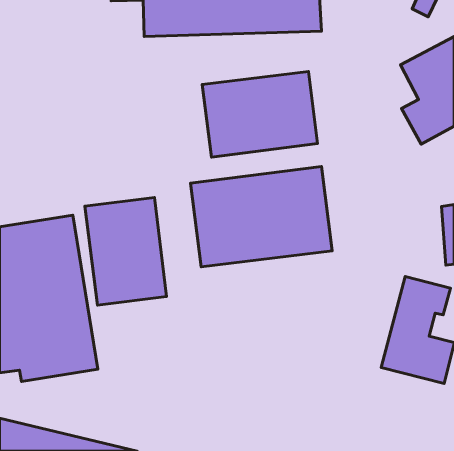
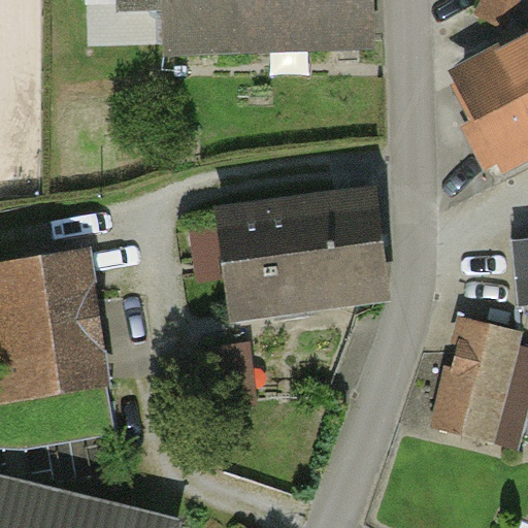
building: [202,72,317,157] -> none
building: [85,197,167,305] -> none

